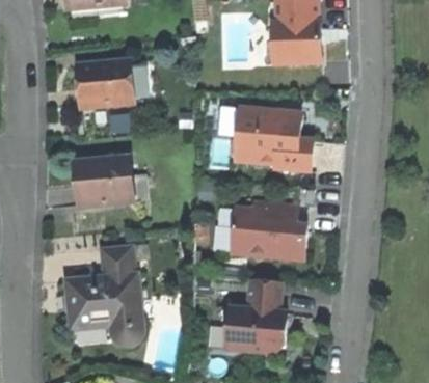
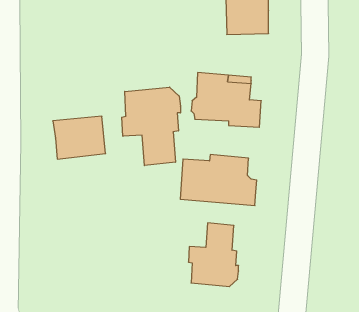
building: [76,61,131,108] -> none
building: none -> [122,87,180,166]
building: [64,247,142,348] -> none

